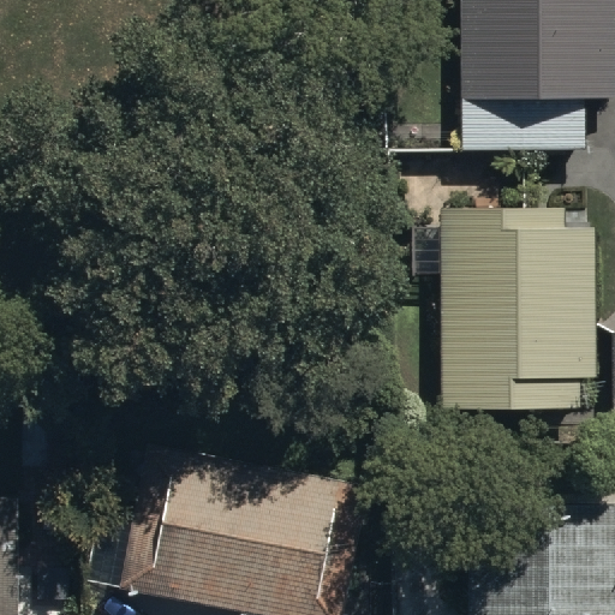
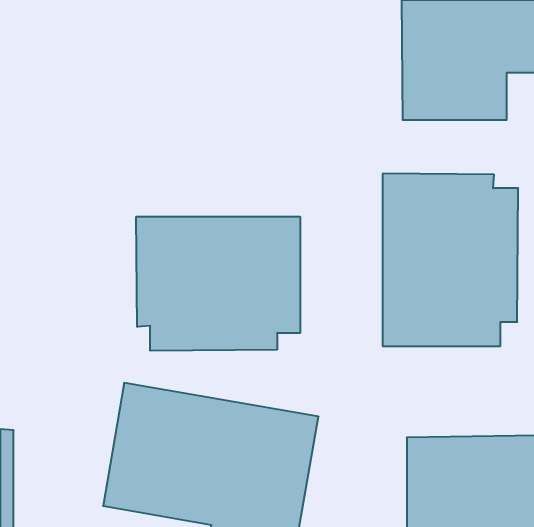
building: none -> [136,217,300,351]

